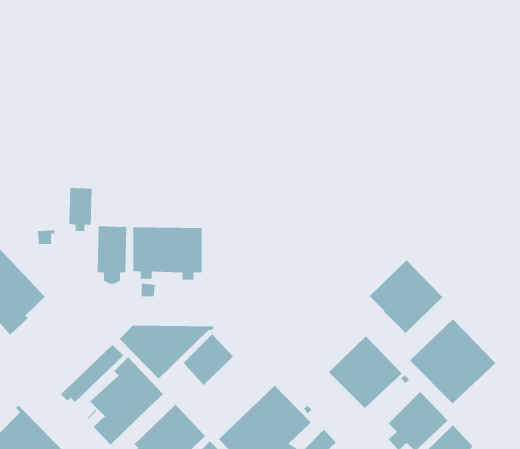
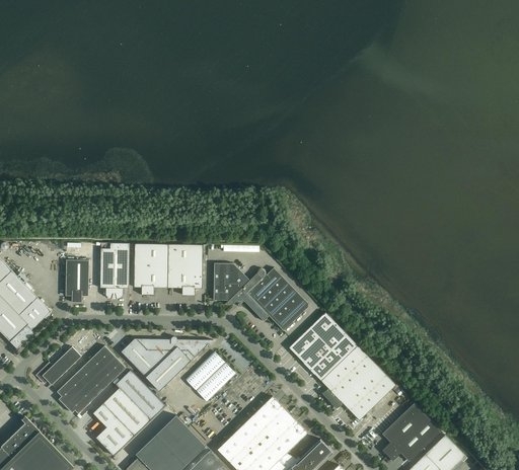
building: [68,187,93,231] -> [65,259,88,302]
building: none -> [213,262,308,330]
building: [369,259,443,334] -> [288,312,360,384]
building: [409,318,496,404] -> none
building: none -> [57,345,115,405]
building: none -> [35,346,81,385]

